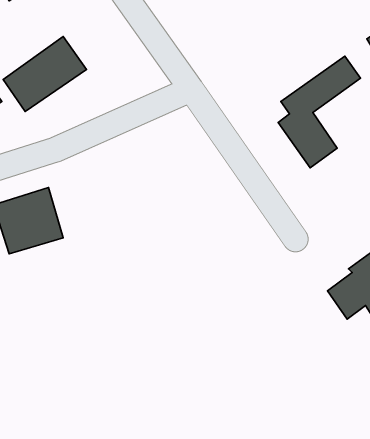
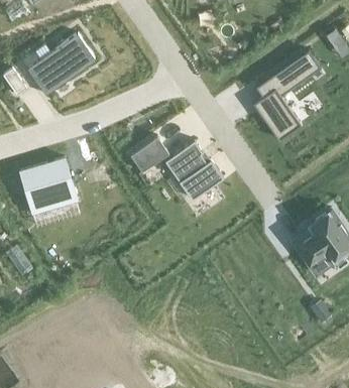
building: none -> [129,135,168,171]
building: none -> [164,141,223,201]

